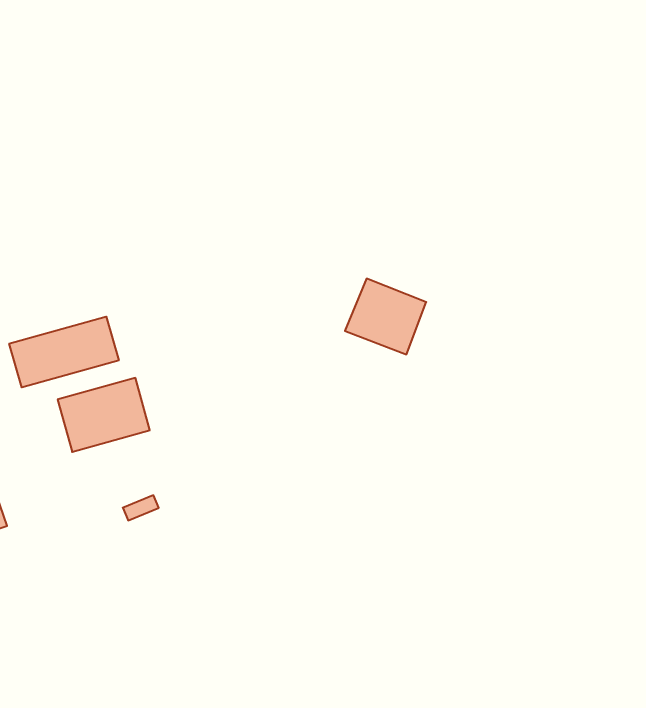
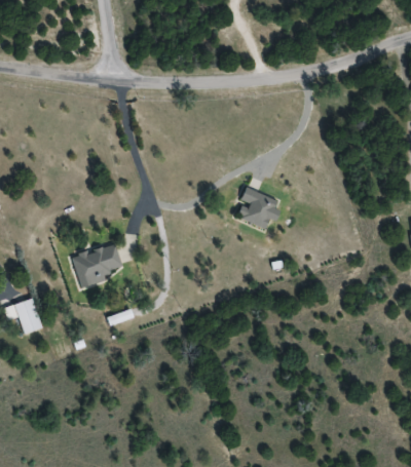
building: [9,317,119,387] -> none

